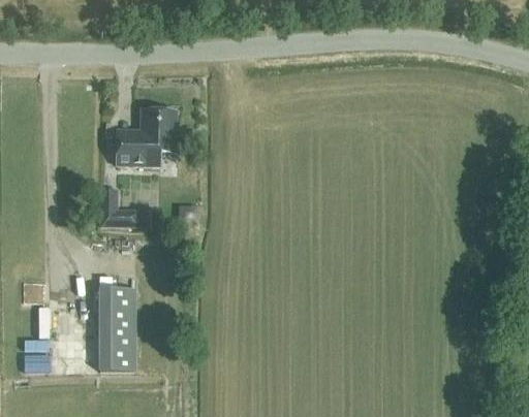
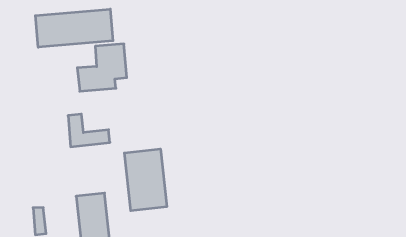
building: none -> [35,9,113,47]
building: none -> [124,149,167,211]

